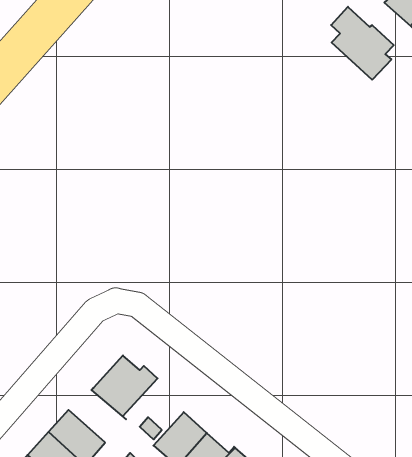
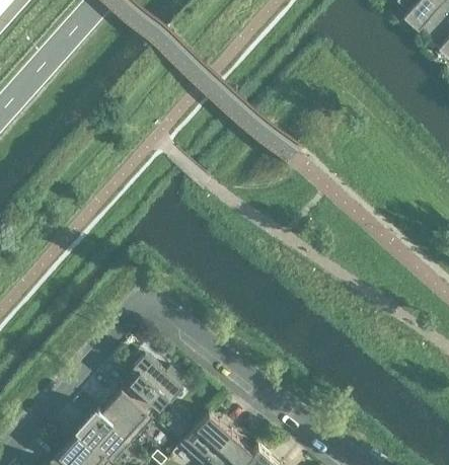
building: [331,7,394,80] -> none
building: none -> [97,391,153,442]

